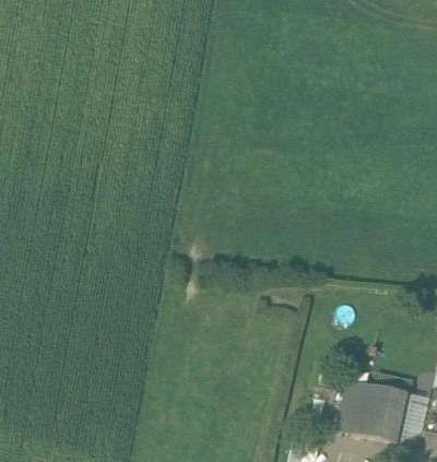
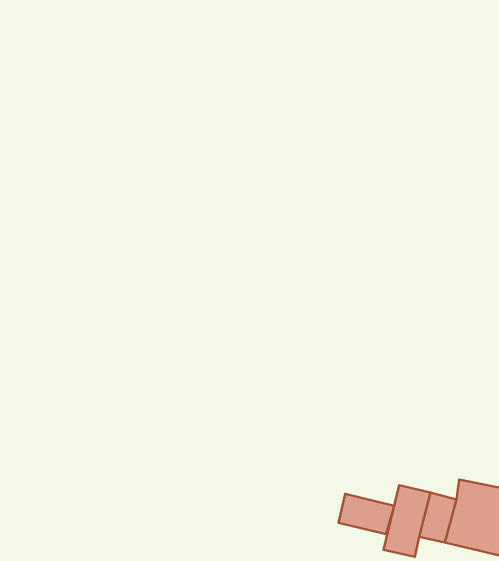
building: none -> [339,494,394,534]

